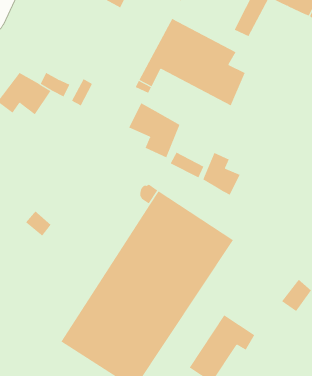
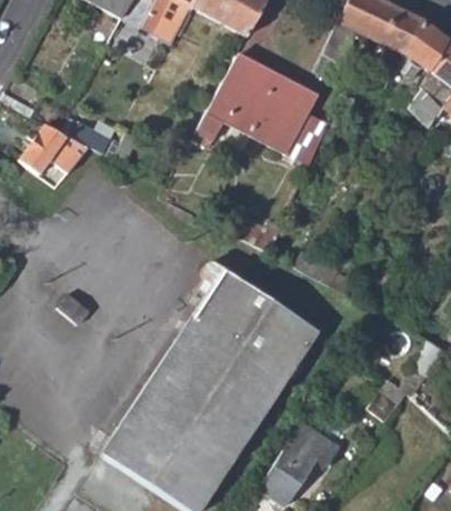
building: [128,103,180,158] -> none
building: [203,152,240,196] -> none

